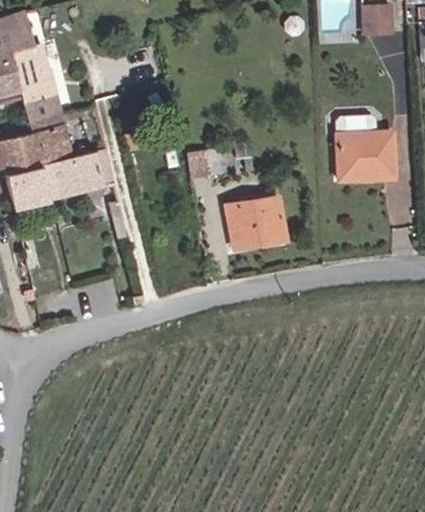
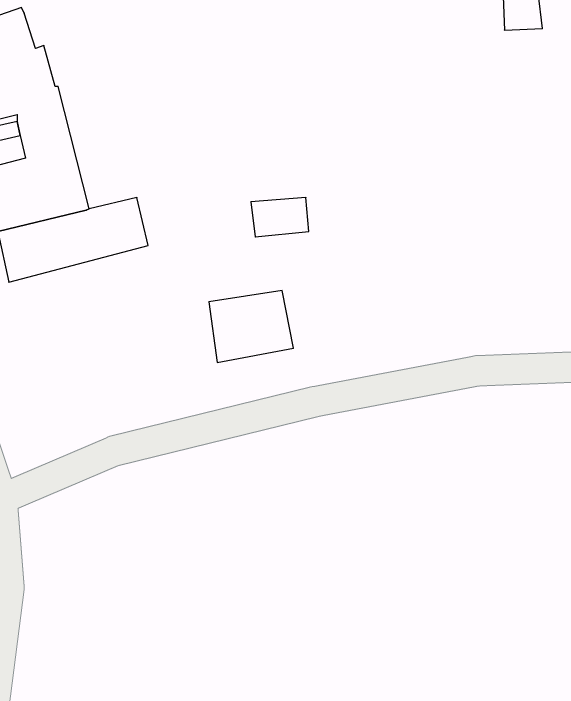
building: [340,134,396,184] -> none
building: [229,201,289,252] -> [209,291,293,362]

